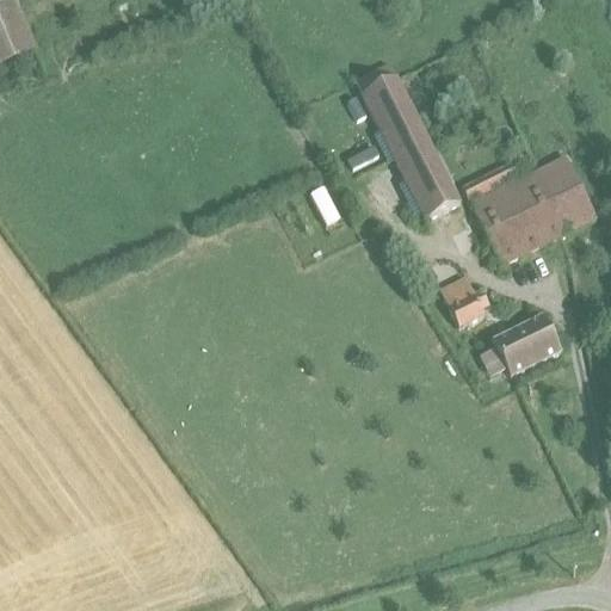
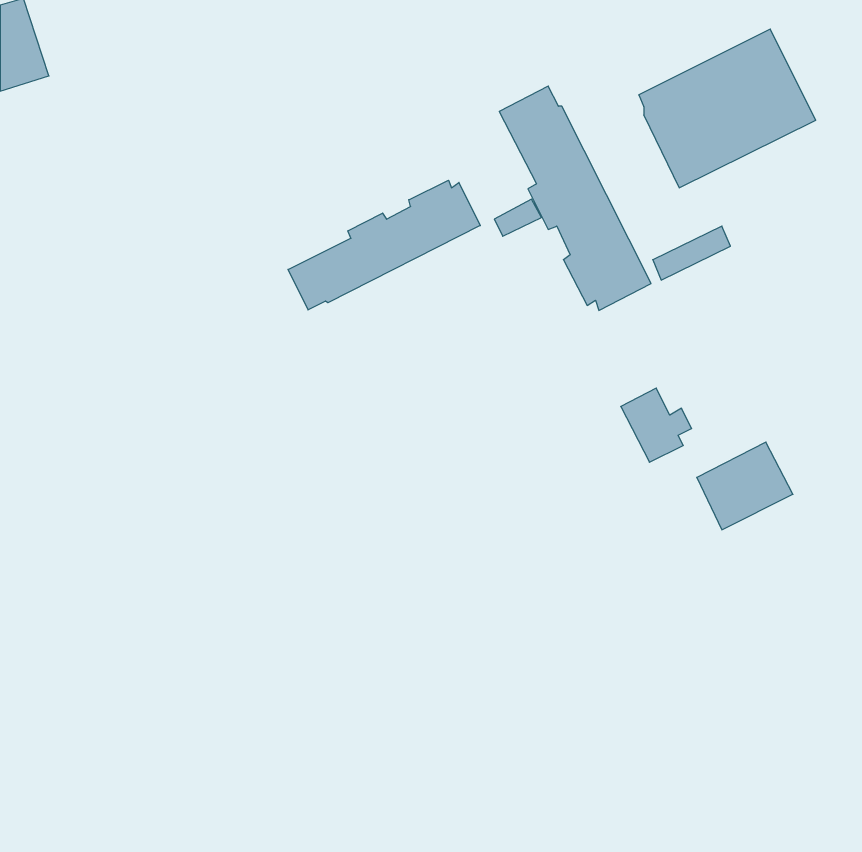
building: none -> [288,180,480,310]
building: [471,153,597,265] -> [639,29,816,188]

